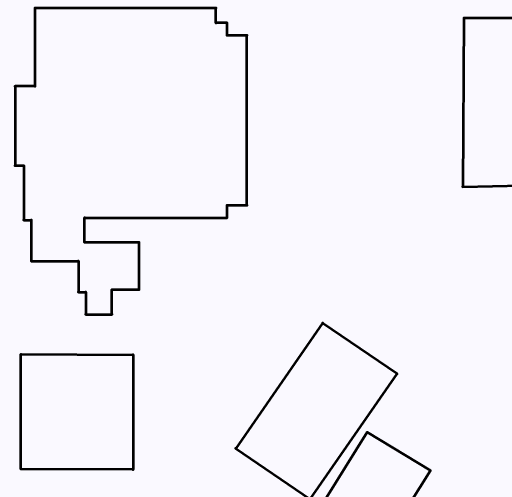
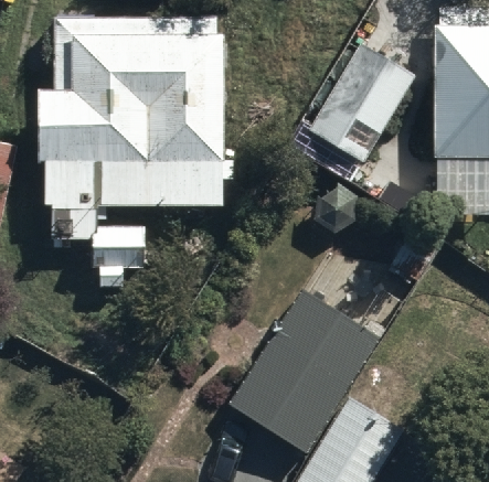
building: none -> [305,30,415,151]
building: [21,354,133,470] -> none

